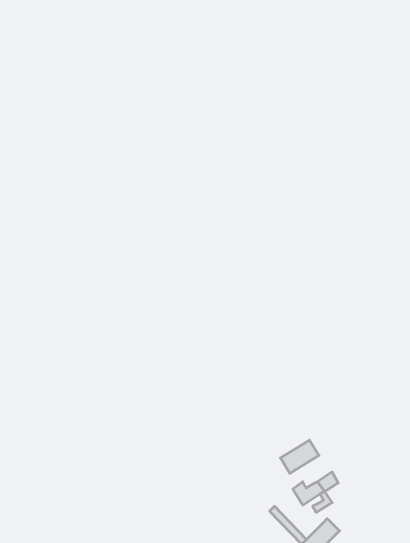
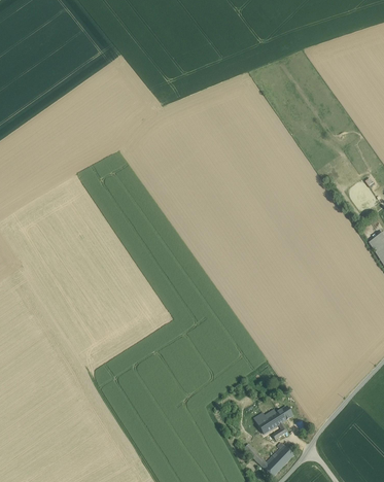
building: [280,440,319,473] -> none

